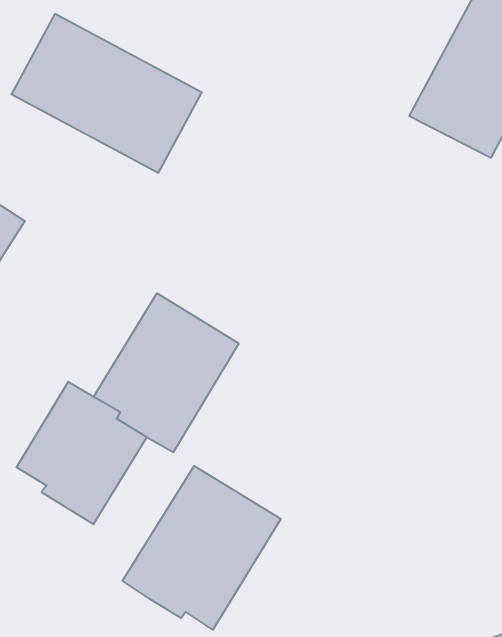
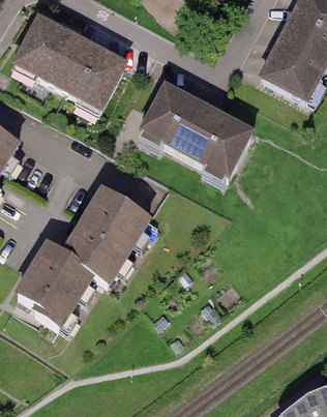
building: none -> [137,80,255,178]
building: [122,466,281,630] -> none

